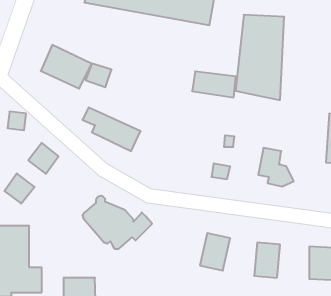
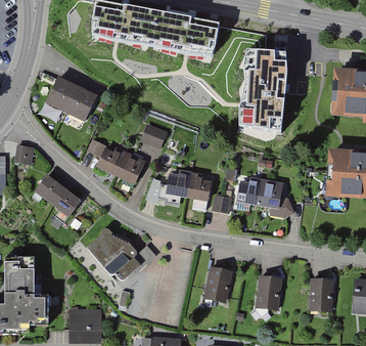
building: [86,63,112,87] -> [140,124,166,147]
building: [192,71,236,97] -> [167,174,210,200]
building: none -> [236,177,265,207]
building: [4,173,35,204] -> [51,188,81,218]

